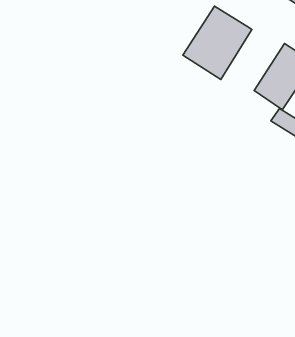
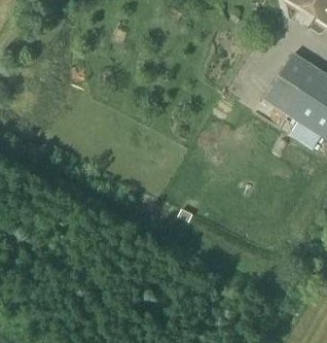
building: [183,6,252,80] -> none

